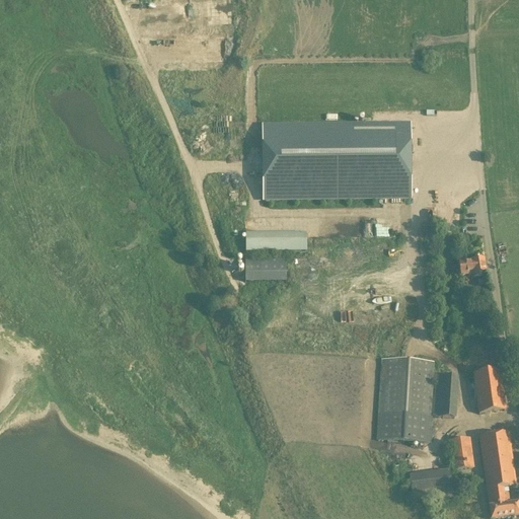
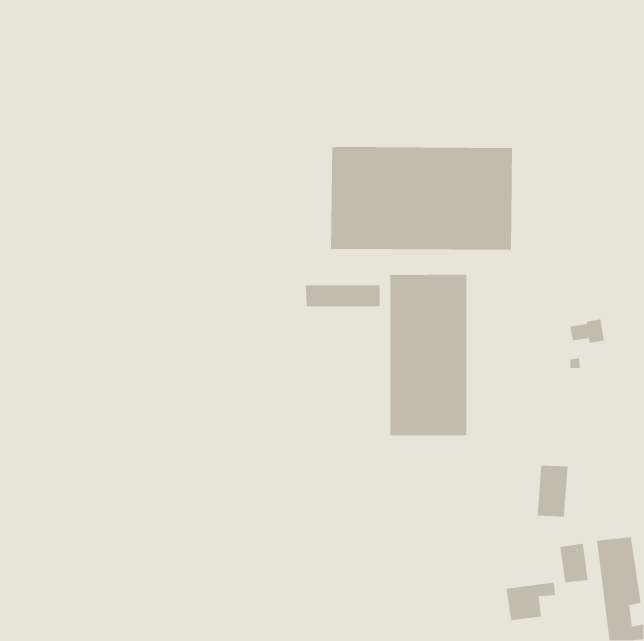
building: none -> [389,274,467,436]
building: [245,252,286,279] -> none
building: [379,358,432,441] -> none
building: [473,370,505,414] -> none

